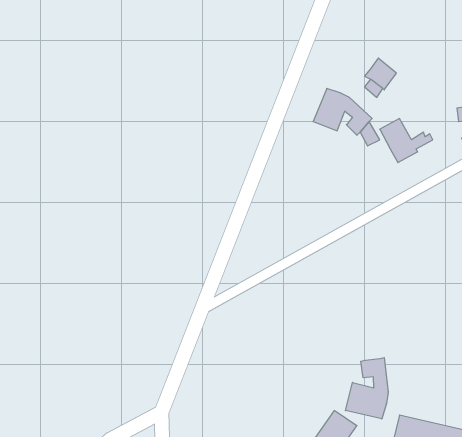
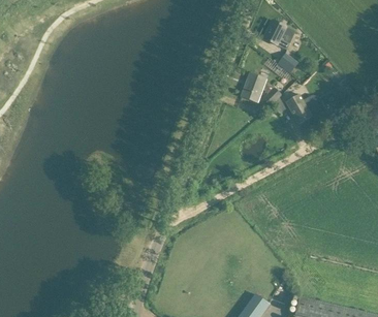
building: none -> [263,20,295,50]
building: [345,358,388,419] -> none

